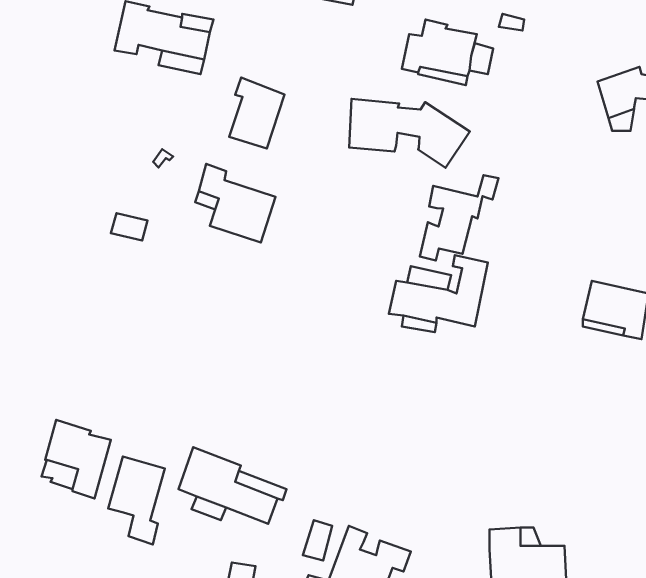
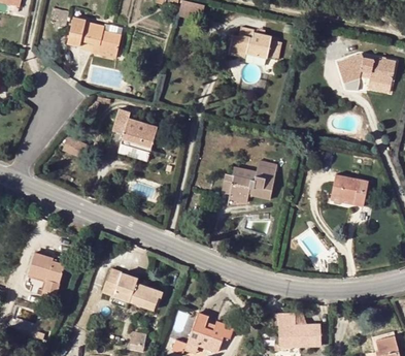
building: [229,78,284,149] -> none
building: [349,99,470,168] -> none
building: [420,175,498,261] -> none
building: [108,457,165,545] -> none

